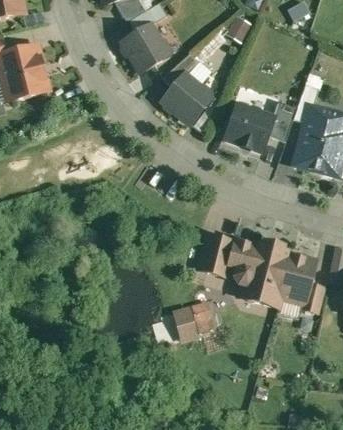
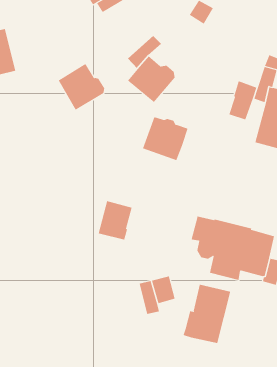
building: [121,25,170,74] -> [58,63,105,110]
building: [225,106,273,152] -> [142,116,189,161]
building: [198,236,234,277] -> [98,201,133,240]
building: none -> [183,284,231,344]

